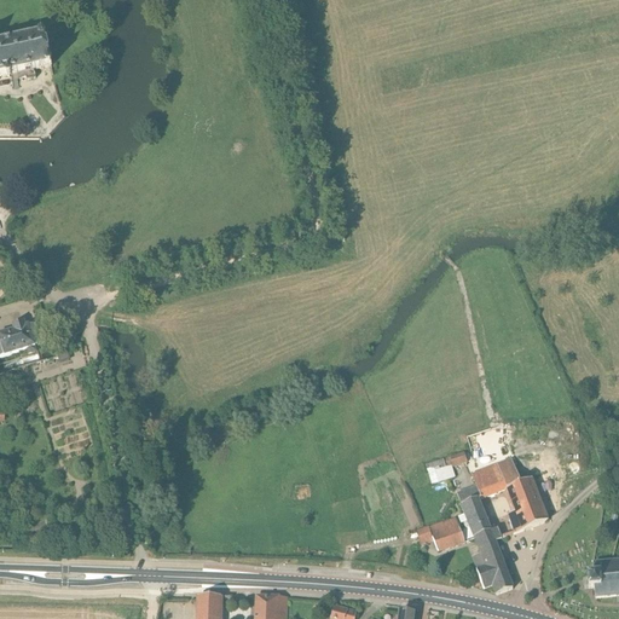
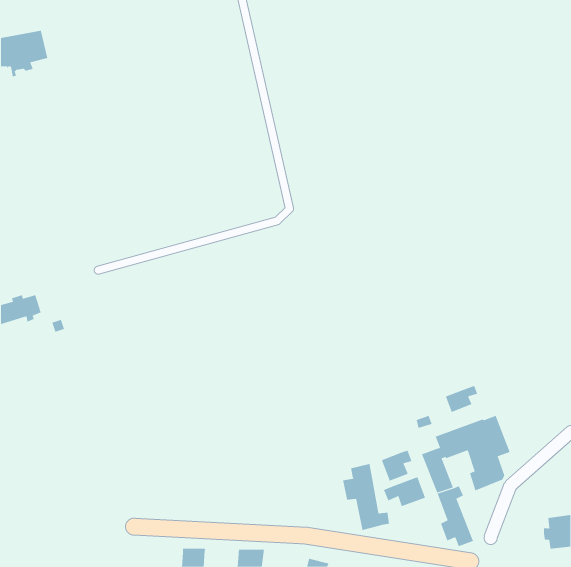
building: none -> [445,385,478,413]
building: none -> [381,450,412,482]
building: none -> [343,463,389,531]

